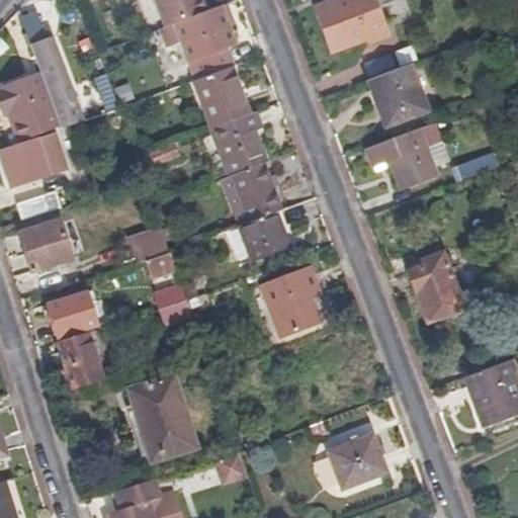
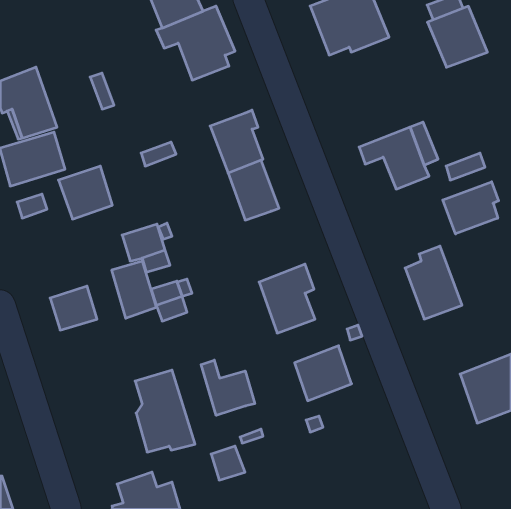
building: [19,10,78,128] -> none
building: [367,63,428,124] -> [427,6,487,67]
building: [194,67,248,127] -> none
building: none -> [443,182,499,234]
building: [237,213,287,263] -> none
building: [19,219,74,272] -> [58,166,112,219]
building: [59,331,104,388] -> [112,261,157,318]
building: none -> [201,360,255,415]
building: [329,433,386,489] -> [295,346,352,401]

